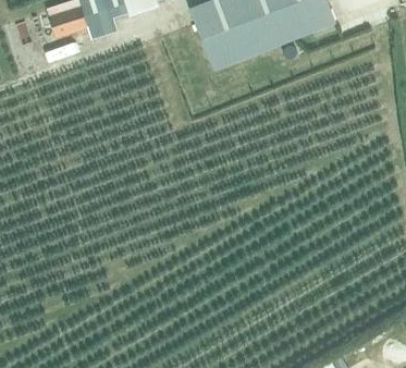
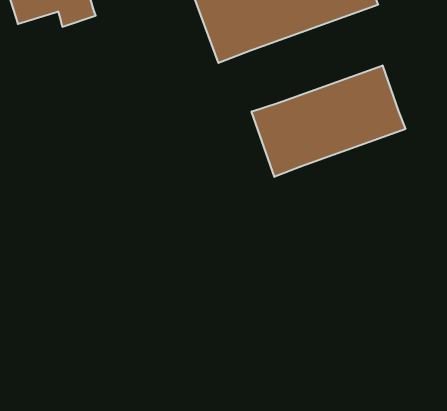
building: none -> [252,65,405,177]

